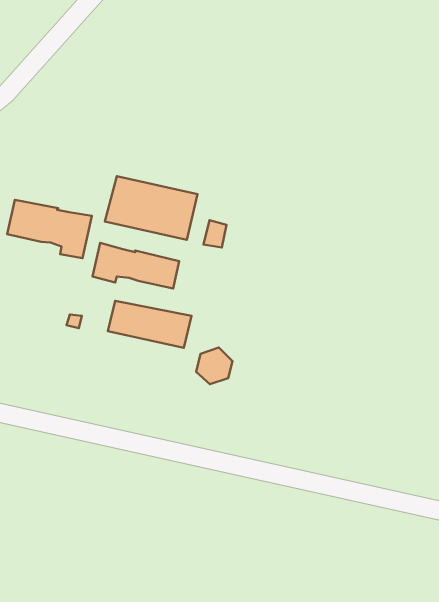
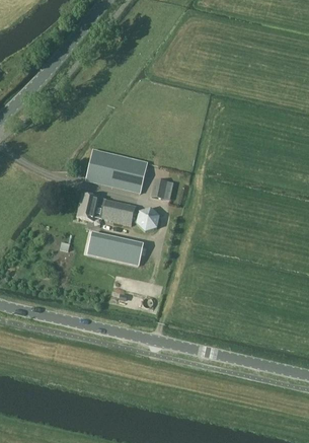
building: [7,200,92,258] -> none
building: [196,348,233,384] -> [136,207,160,231]

